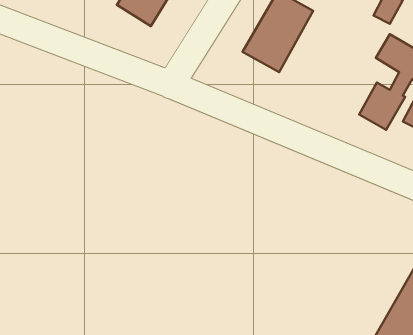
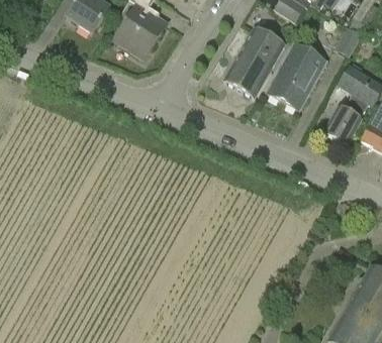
building: none -> [265,42,325,109]

